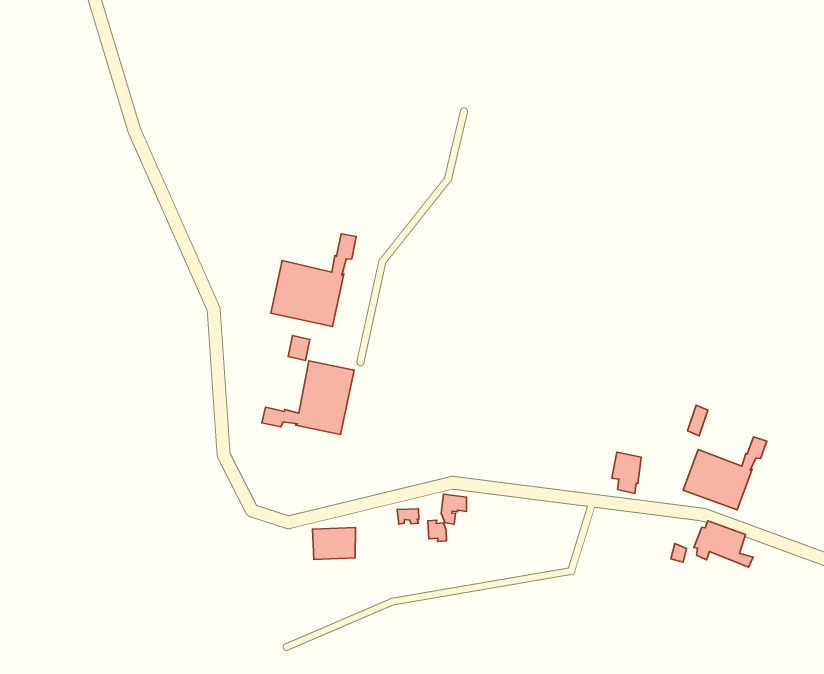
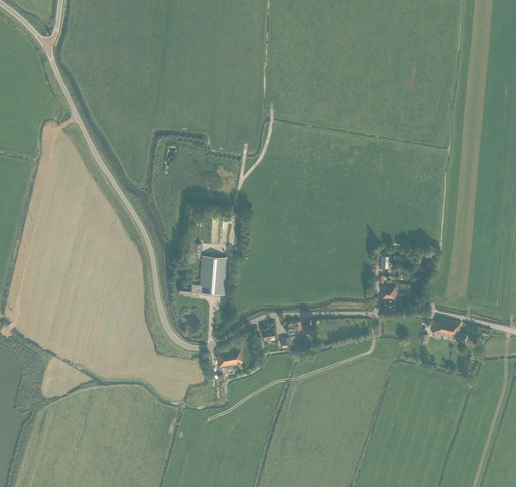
building: [271,234,356,326] -> none
building: [683,437,767,510] -> none

